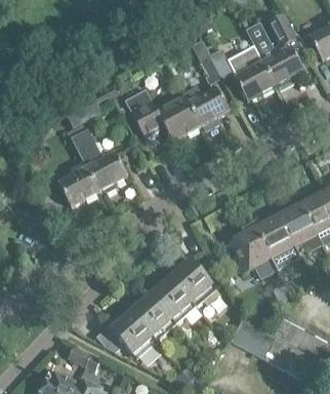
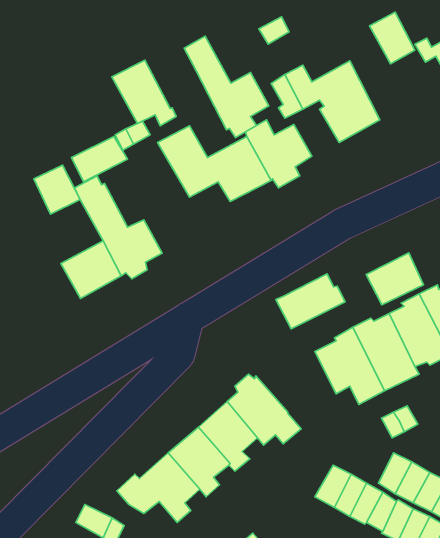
building: [245,21,302,89] -> [184,36,269,138]
building: none -> [112,60,176,126]
building: none -> [34,165,80,214]
building: none -> [366,253,424,305]
building: none -> [276,274,345,329]

